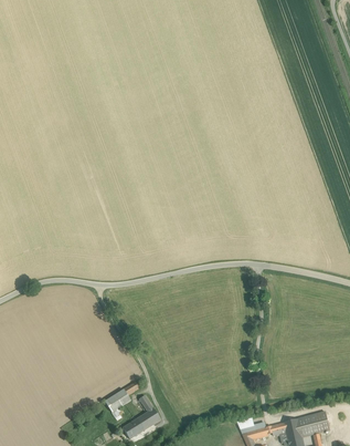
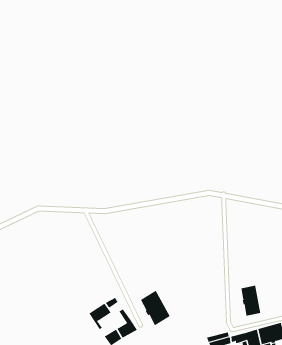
building: none -> [241,285,261,316]
building: none -> [140,290,171,326]

